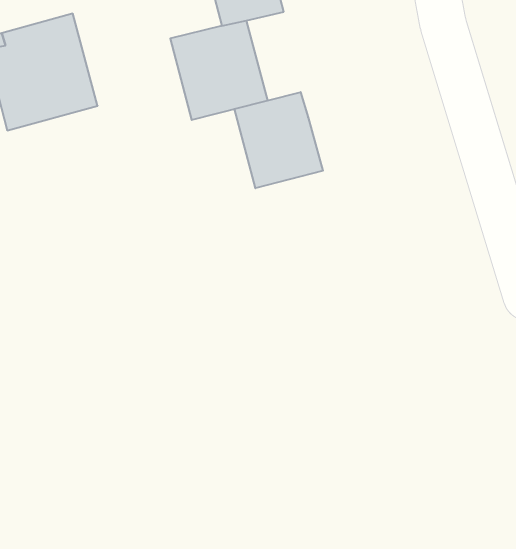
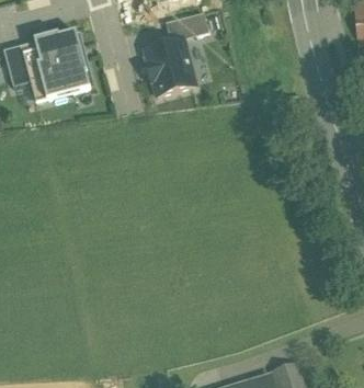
building: [234,92,323,188] -> none

